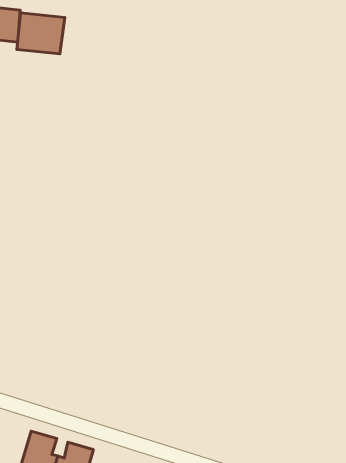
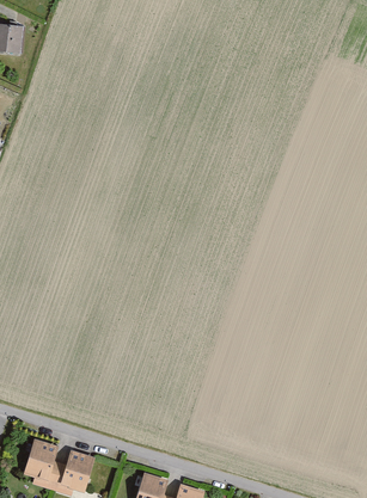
building: [17,13,65,54] -> none

